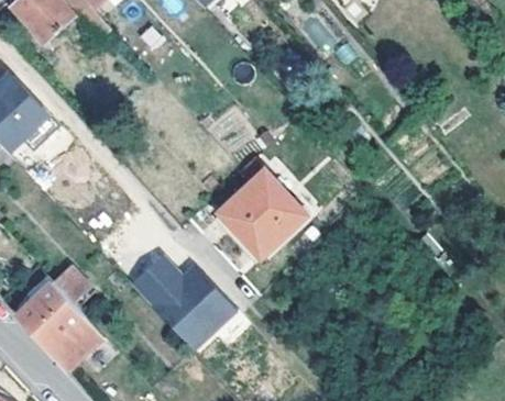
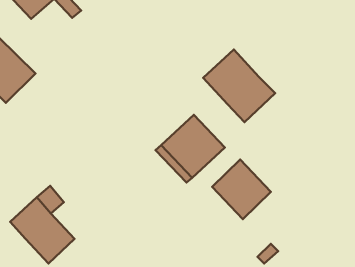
building: none -> [203,50,275,122]
building: none -> [212,160,271,219]
building: [128,253,237,352] -> none

